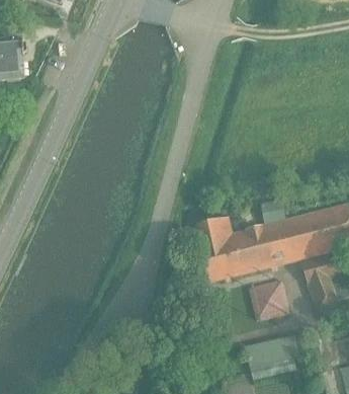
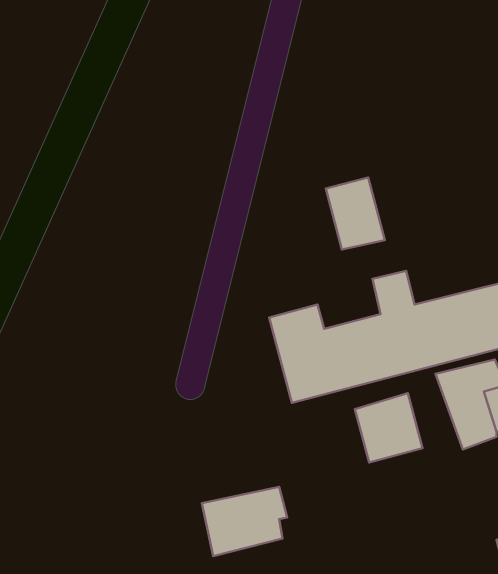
building: none -> [326,178,385,250]
building: [245,334,298,378] -> [202,487,287,556]

